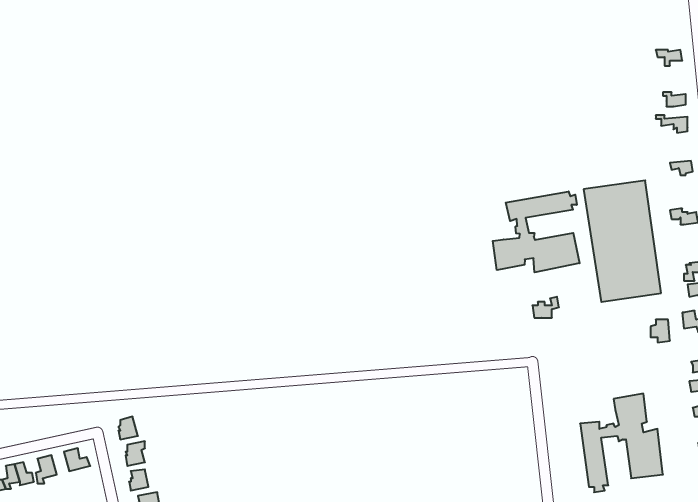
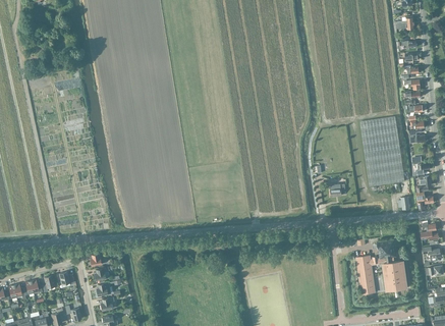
building: [493,191,580,272] -> none

